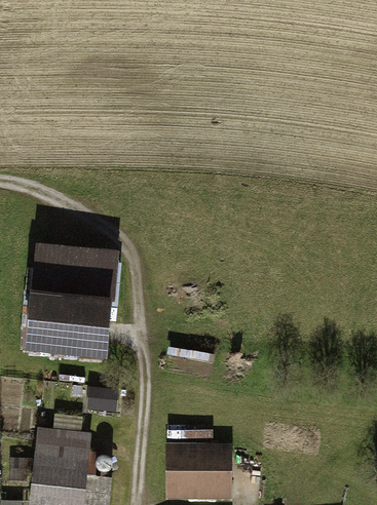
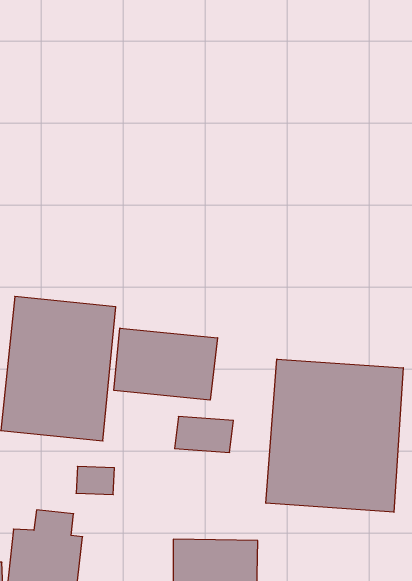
building: none -> [114,328,218,400]
building: none -> [266,359,403,512]

